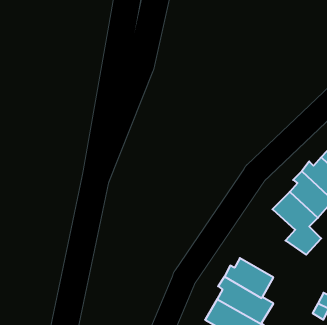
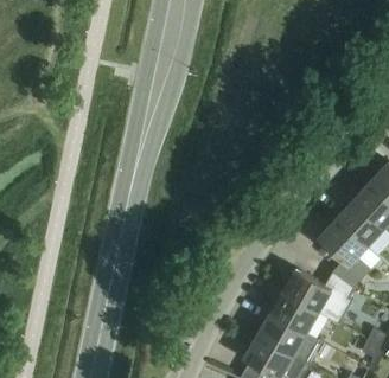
building: none -> [282,269,355,313]

